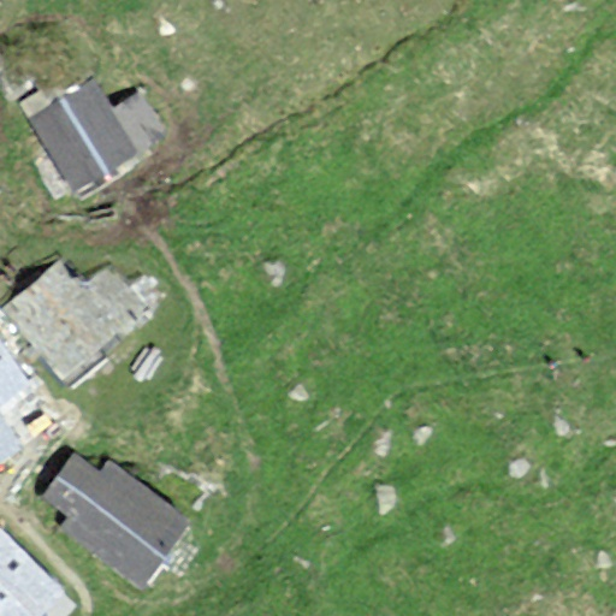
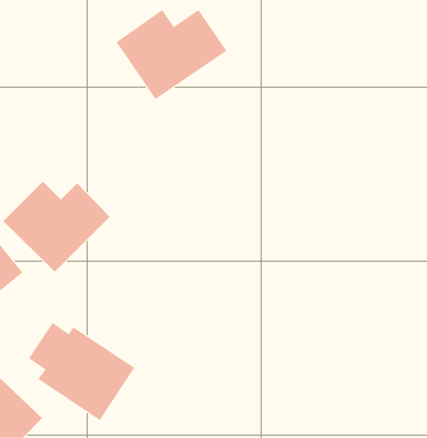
building: none -> [116,9,227,100]
building: [25,78,166,197] -> none

